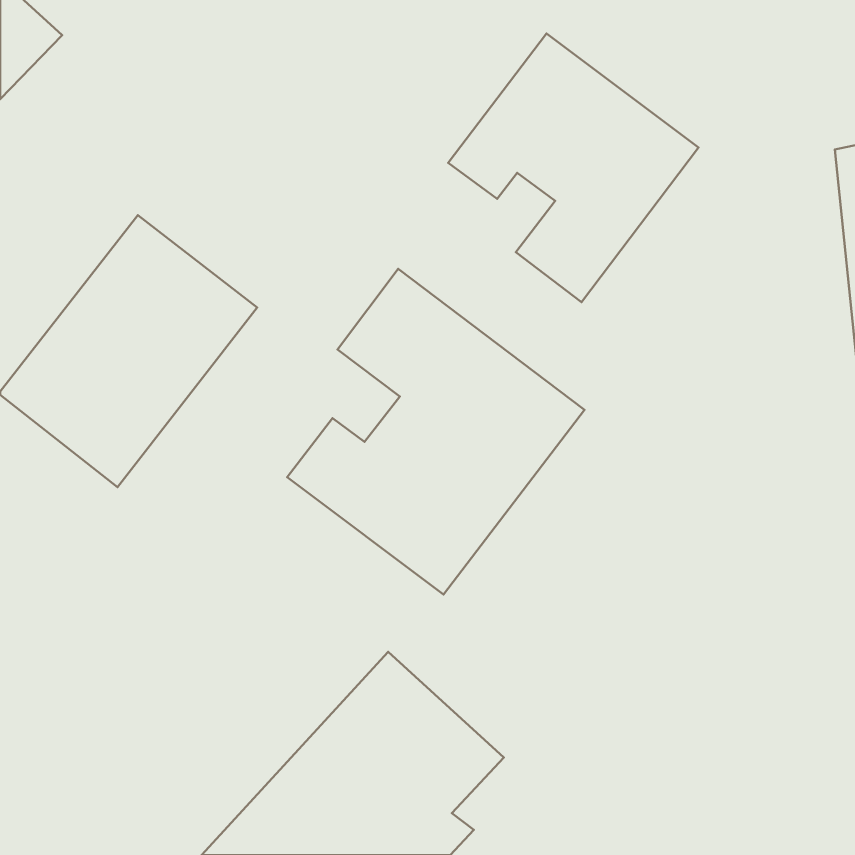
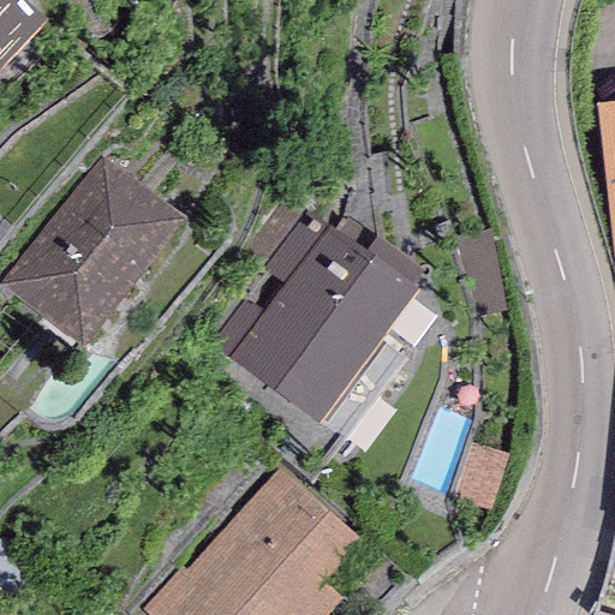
building: [448,33,699,302] -> none

